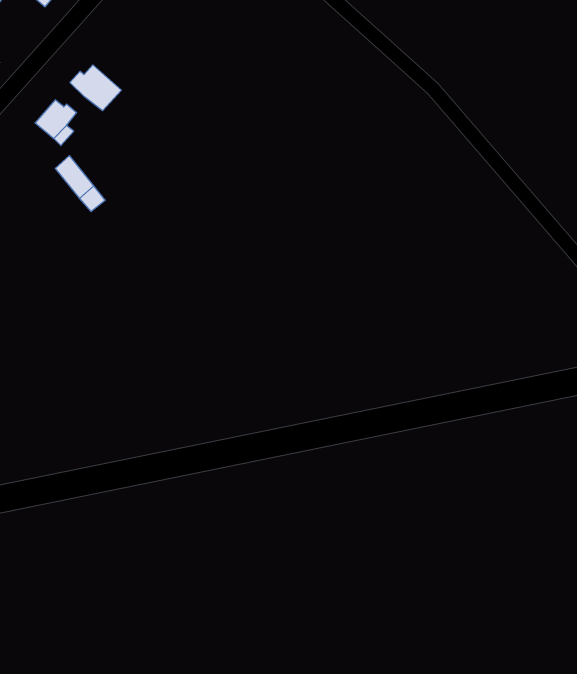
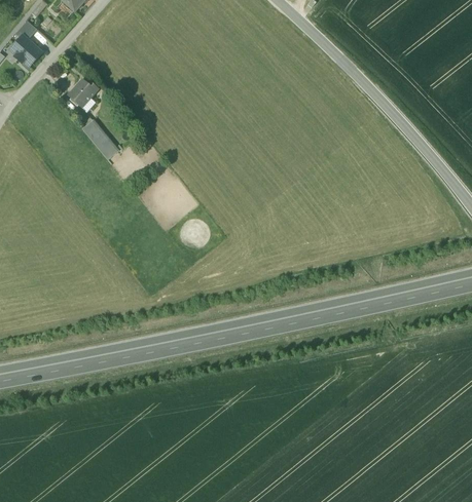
building: [70,65,121,111] -> none

